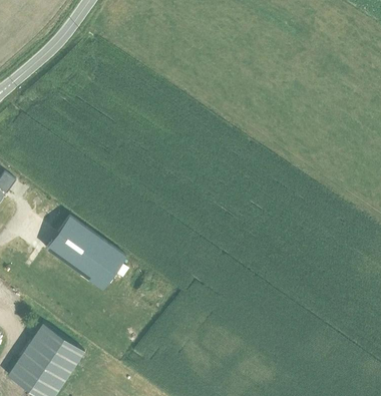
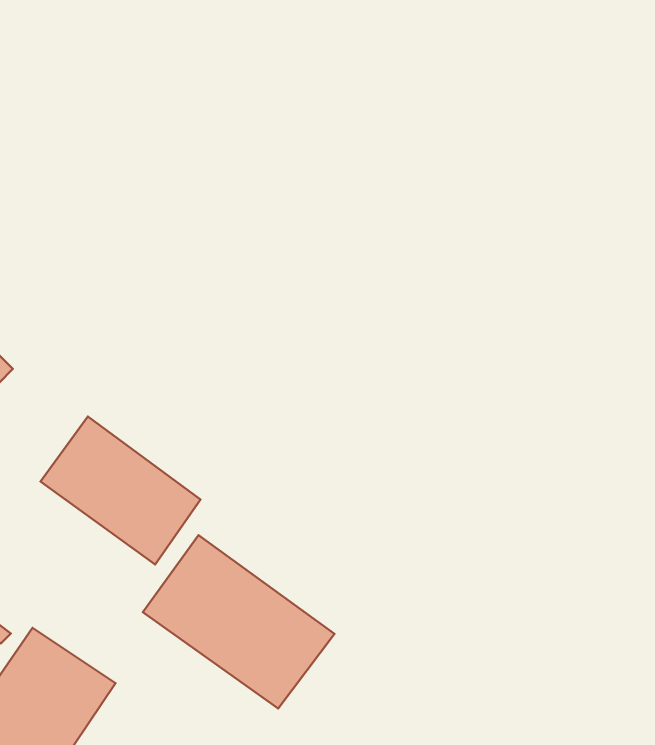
building: none -> [143,535,334,708]

